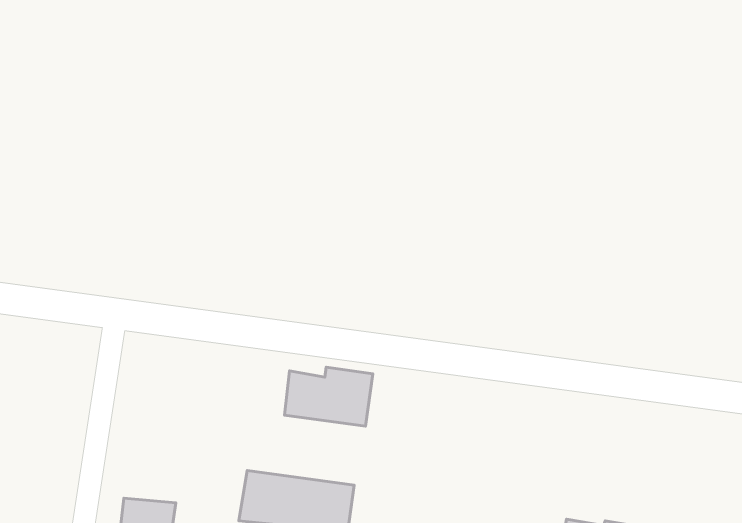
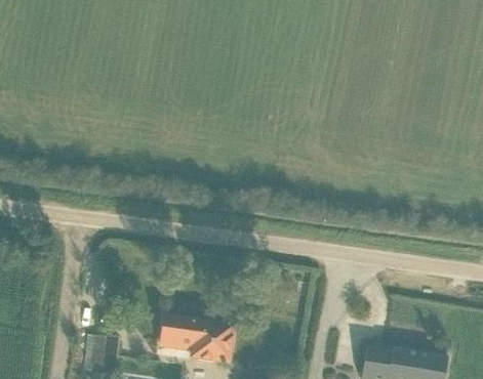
building: [284,367,373,426] -> none

